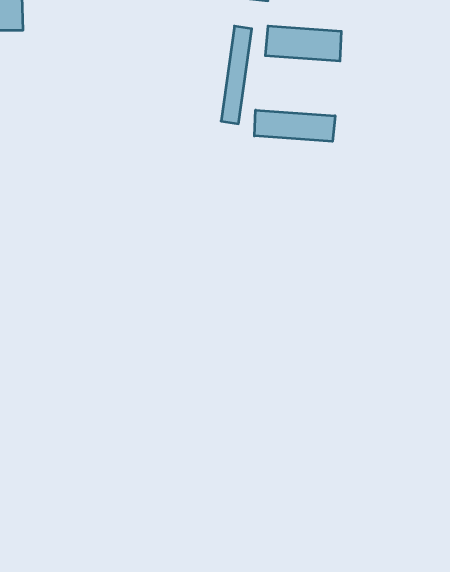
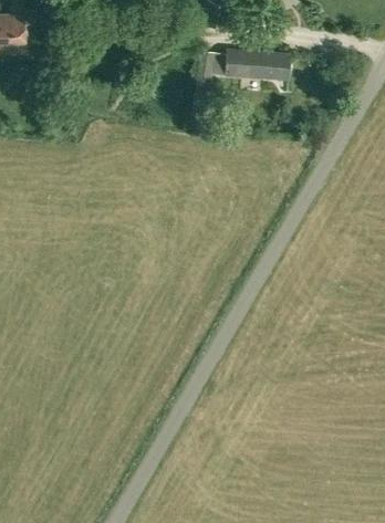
building: [254,110,335,141] -> none

